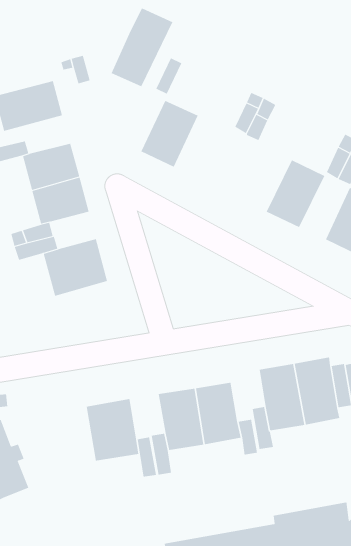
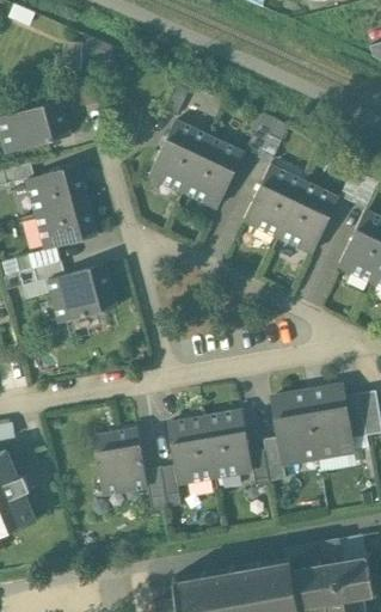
building: [111,8,173,87] -> none
building: none -> [183,136,242,207]
building: none -> [242,165,303,235]

